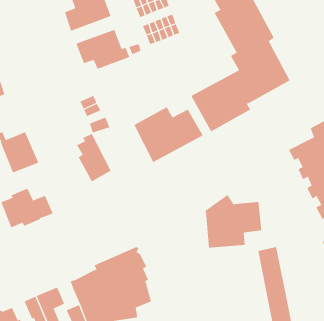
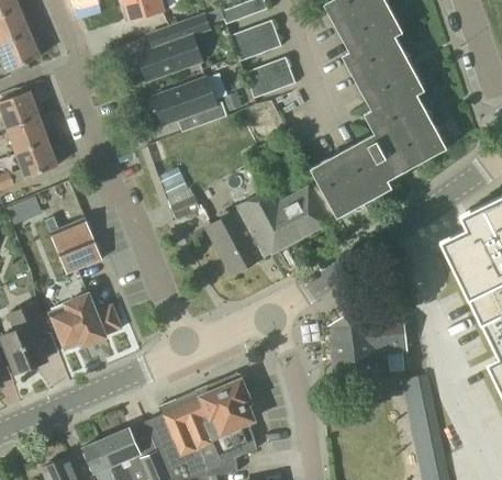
building: [76,133,112,182] -> [210,209,258,276]

